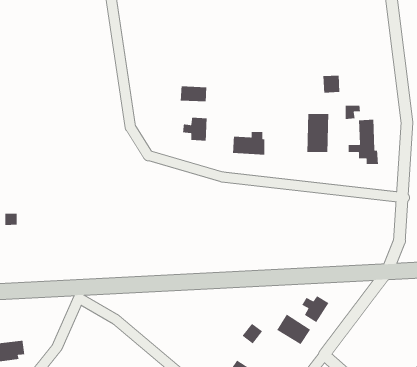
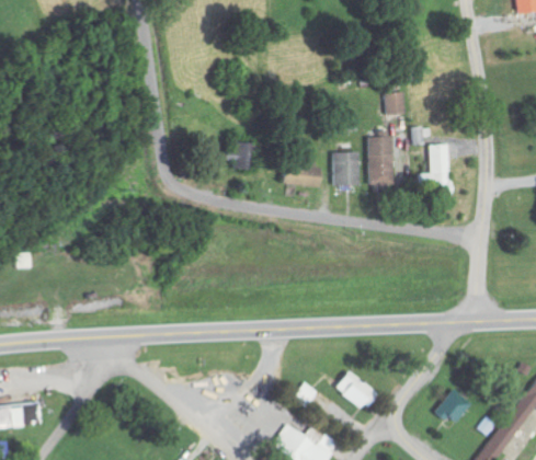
building: [180,85,207,102] -> none
building: none -> [333,152,361,185]
building: [301,295,330,323] -> none
building: none -> [434,390,469,425]

